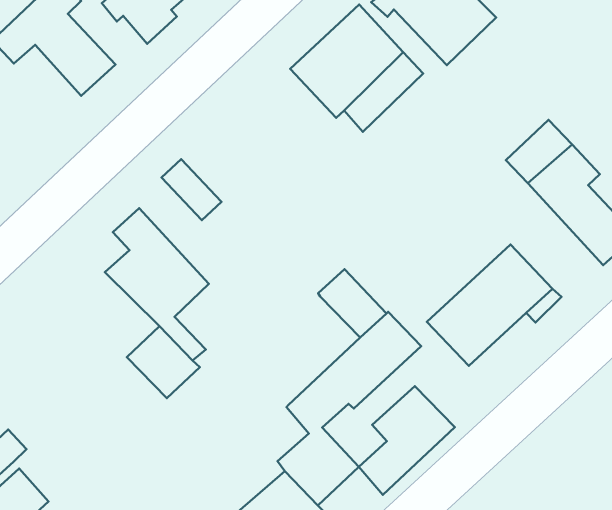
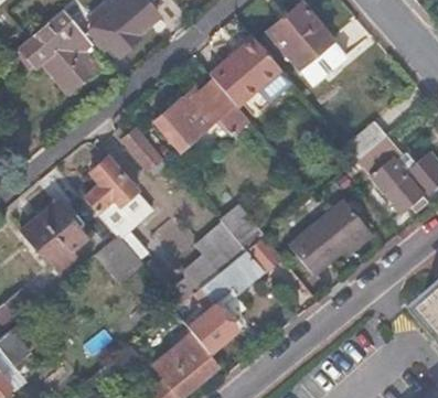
building: none -> [153,76,248,151]
building: none -> [20,203,85,273]
building: [359,386,455,495] -> [181,223,244,291]

